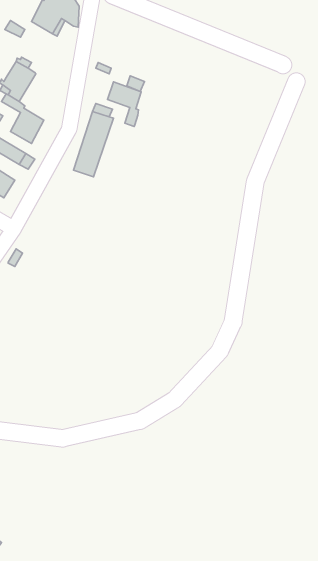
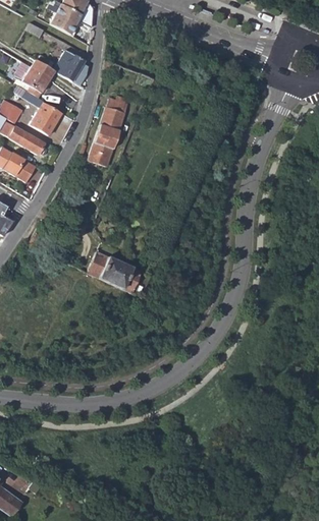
building: none -> [53,50,86,86]
building: [108,82,141,126] -> none
building: none -> [88,250,142,291]

